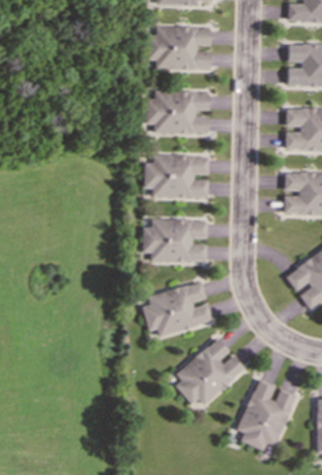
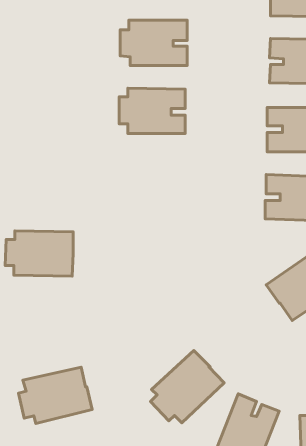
building: [144,154,208,197] -> none
building: [142,219,206,261] -> [5,231,73,276]
building: [143,282,212,335] -> [19,367,92,423]

